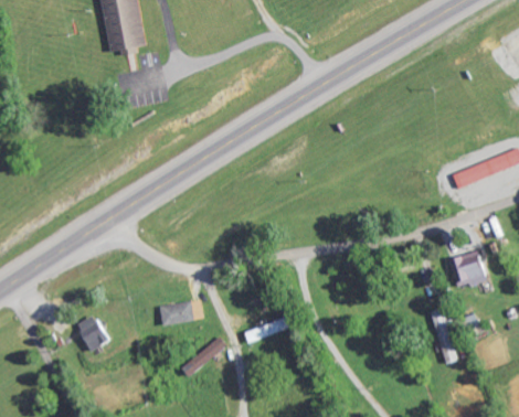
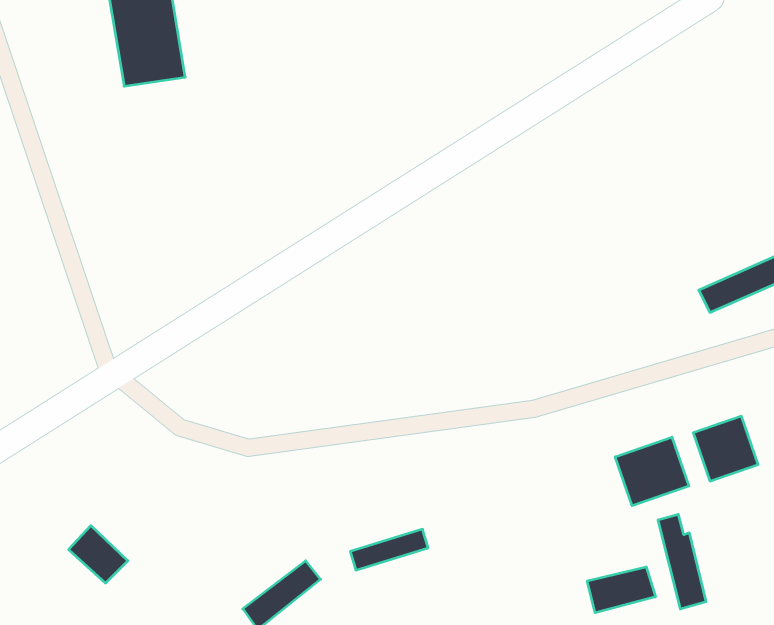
building: none -> [615,437,689,506]
building: [159,299,203,327] -> none
building: none -> [587,567,655,613]

